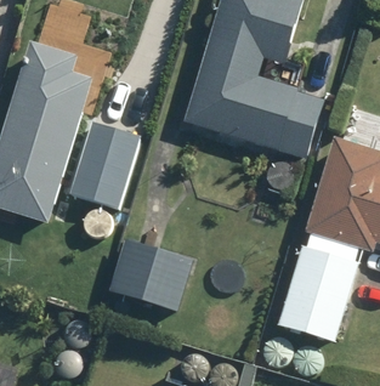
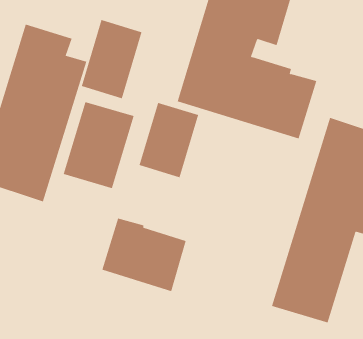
building: none -> [81,19,142,99]
building: none -> [139,102,199,178]

